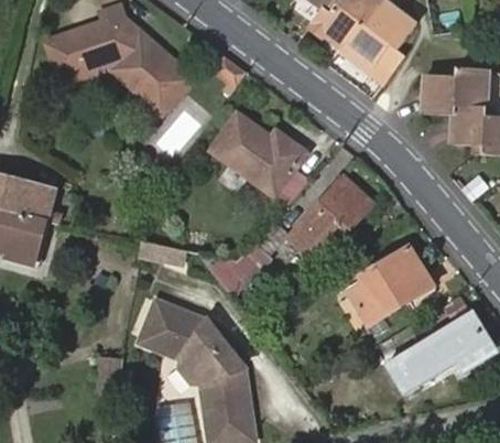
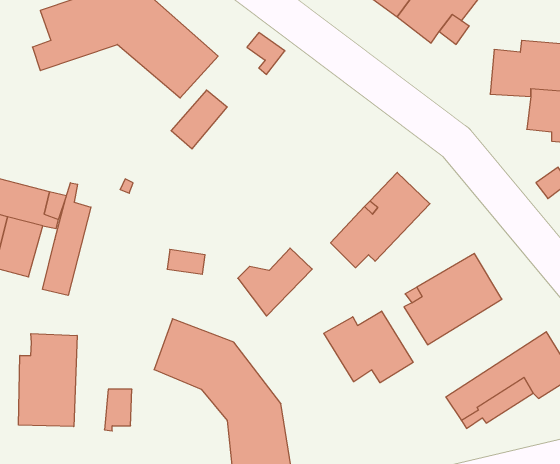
building: [214,115,308,196] -> none
building: none -> [43,183,91,295]
building: none -> [324,311,413,383]
building: none -> [19,334,77,427]

